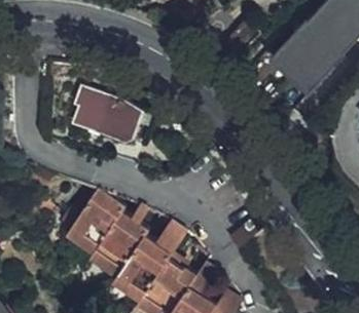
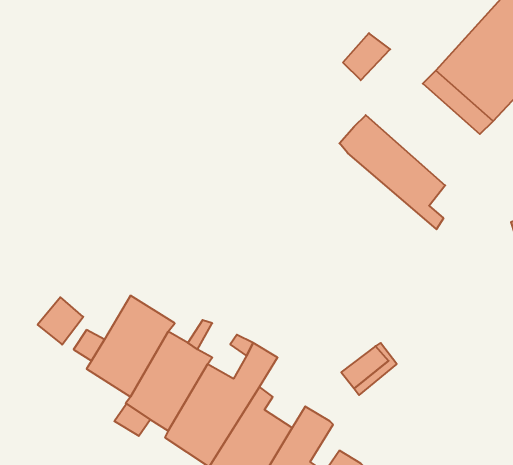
building: none -> [339,115,445,229]
building: [74,86,143,144] -> none

